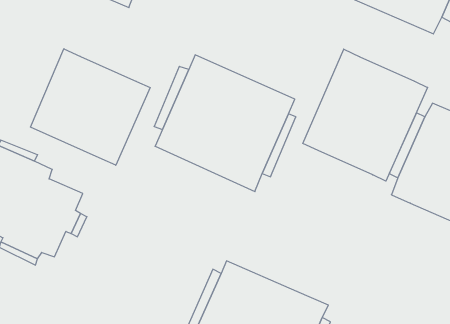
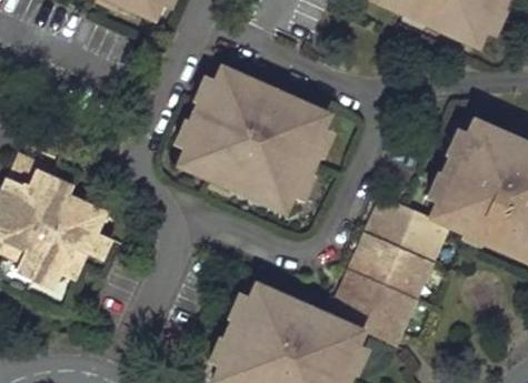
building: [30,49,150,165] -> none
building: [303,49,428,181] -> none
building: none -> [330,195,450,345]

